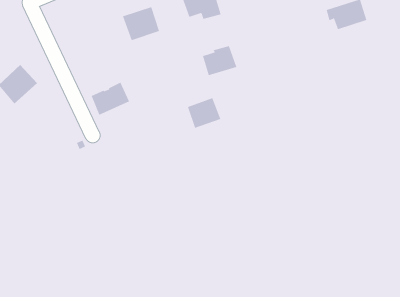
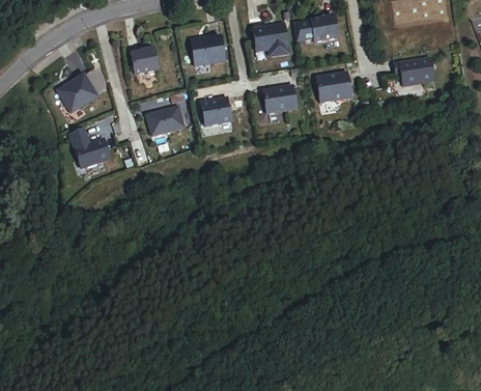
building: none -> [316,73,352,103]
building: none -> [132,45,160,72]
building: [187,98,221,128] -> [201,96,233,124]
building: none -> [74,137,110,167]

